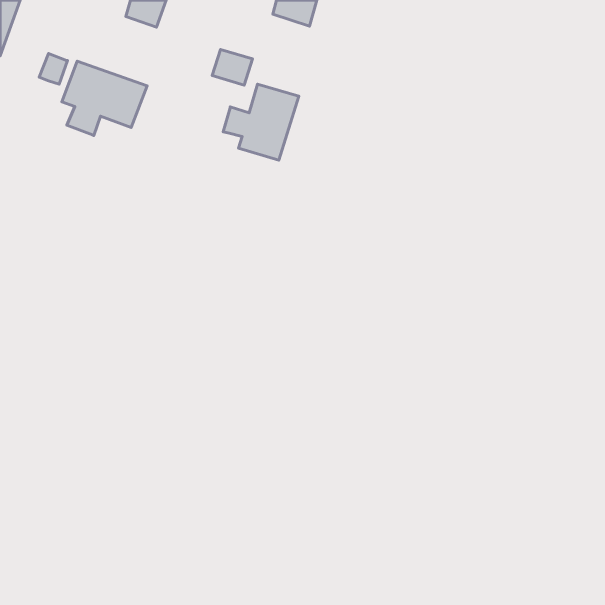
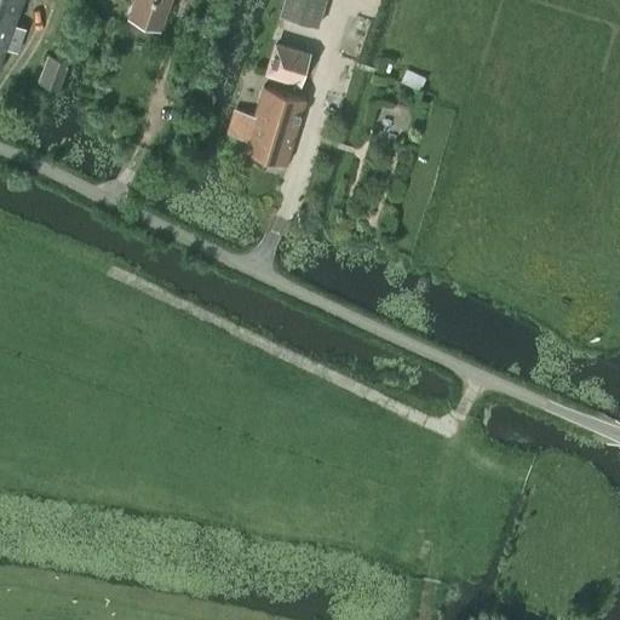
building: [212,49,253,85] -> [268,46,309,82]
building: [62,61,147,135] -> none

